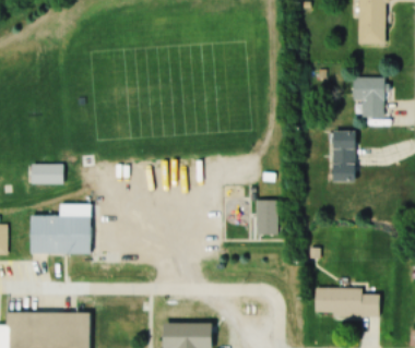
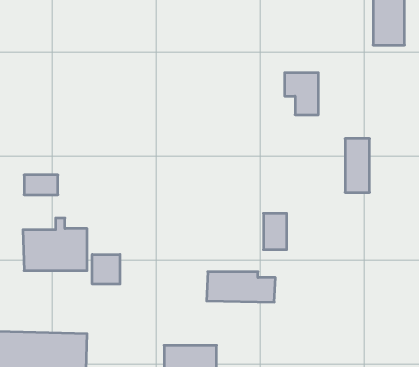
building: [353,77,384,117] -> [285,73,318,115]
building: none -> [92,254,120,284]
building: [315,288,379,316] -> [207,272,275,302]

